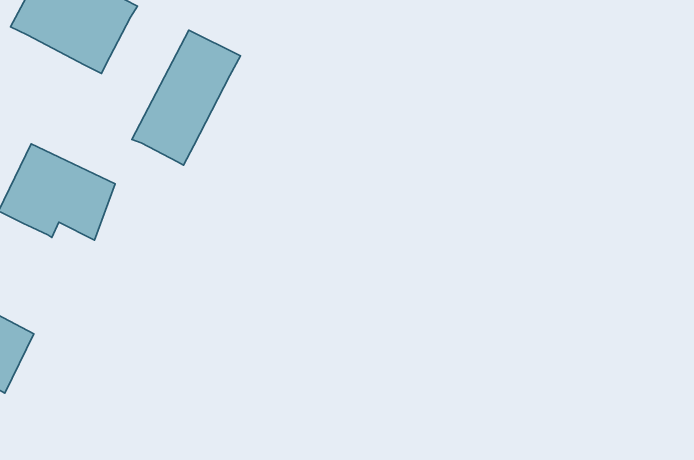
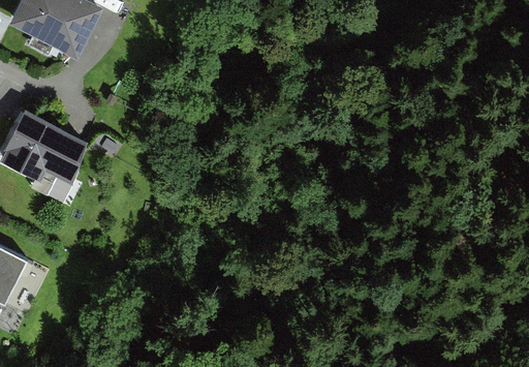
building: [132,30,240,165] -> none

